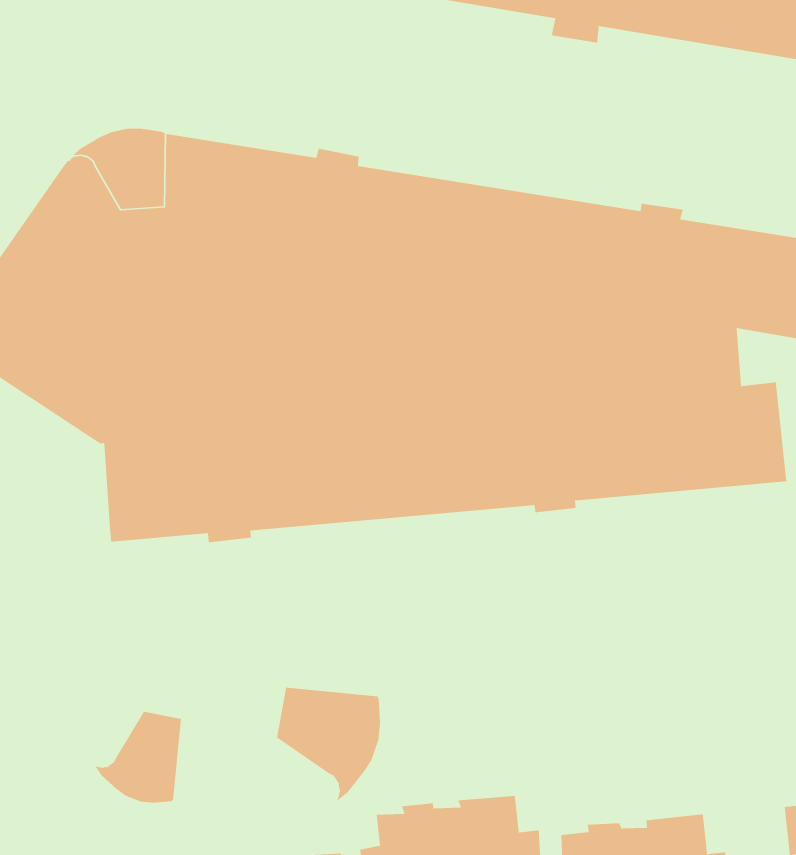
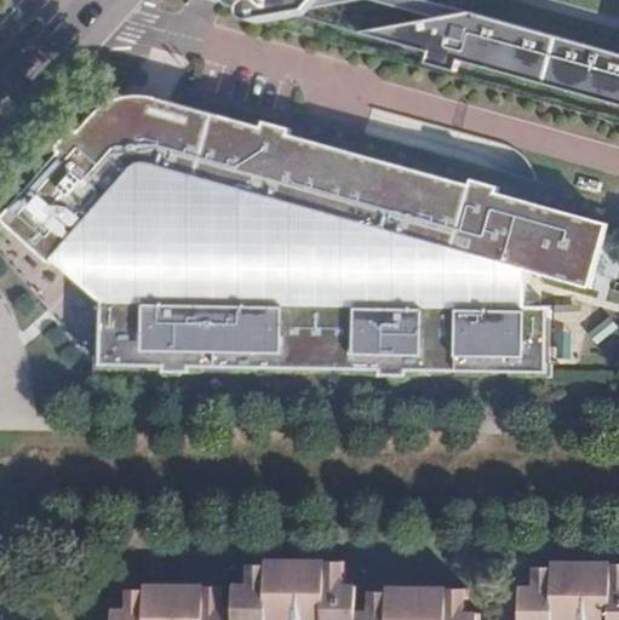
building: [276,687,381,807] -> none
building: [90,711,182,803] -> none

